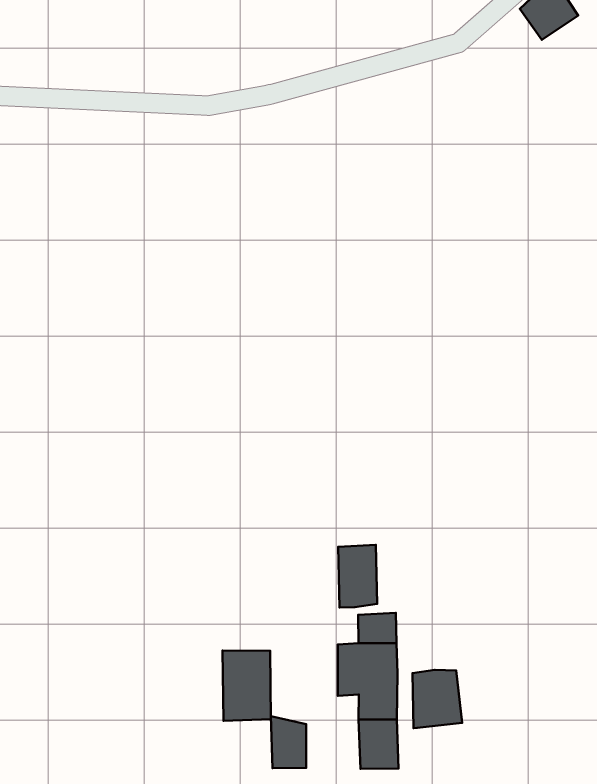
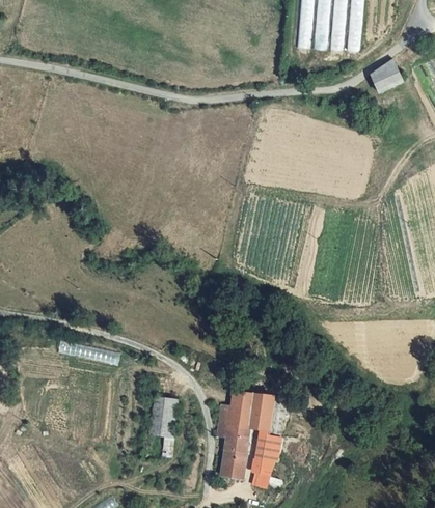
building: [338,545,377,608] -> [248,392,273,426]
building: [271,716,306,768] -> none
building: none -> [252,456,279,485]

